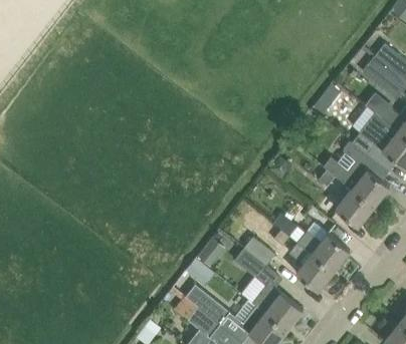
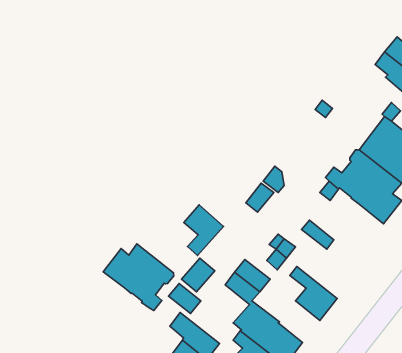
building: [336,190,373,227] -> none
building: none -> [184,205,223,255]
building: none -> [103,244,174,311]
building: [297,230,350,272] -> none

